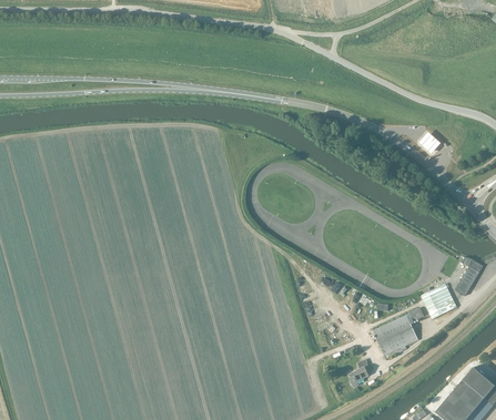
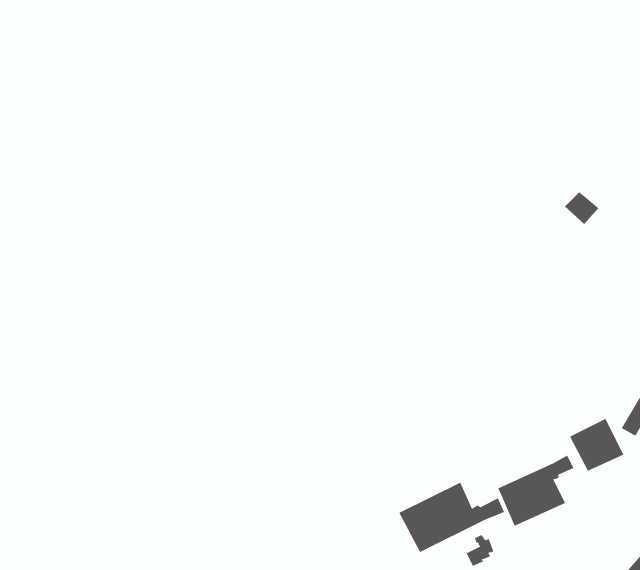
building: none -> [399,482,505,553]

